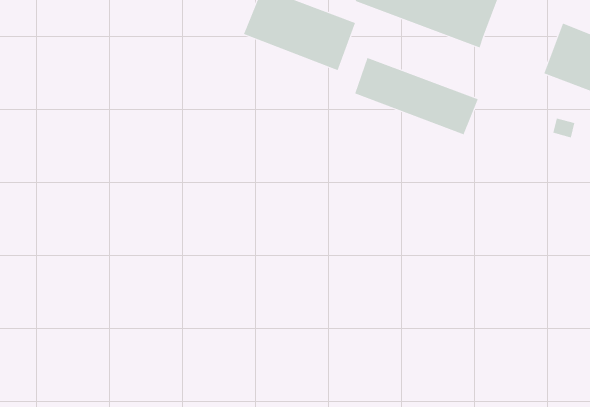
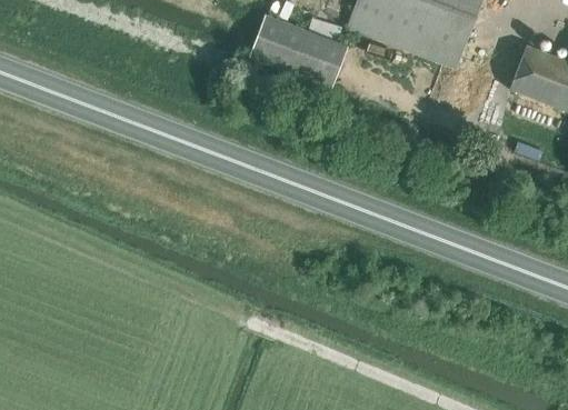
building: [354,57,479,135] -> none

